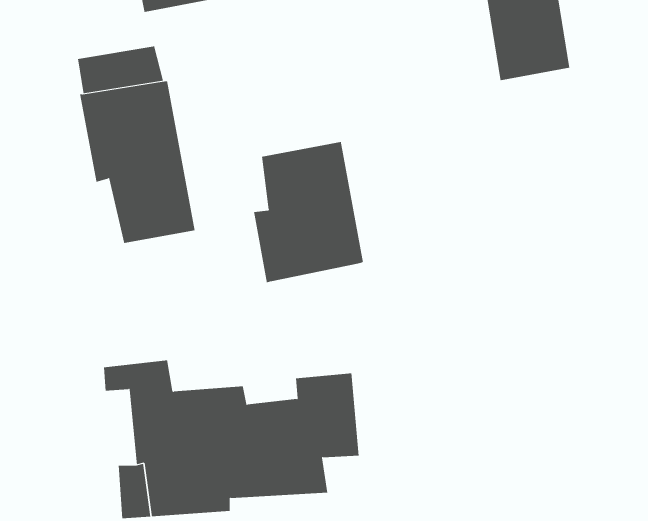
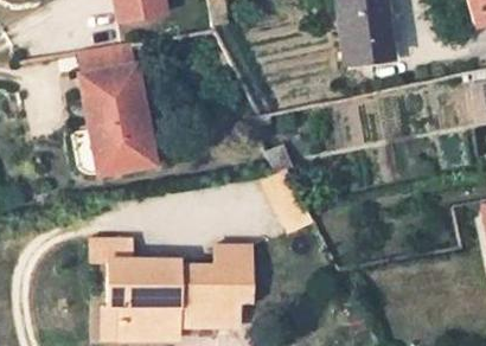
building: [253,141,364,283] -> none

